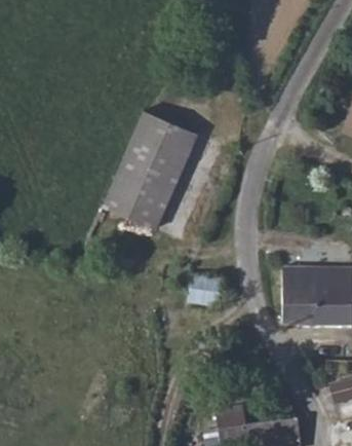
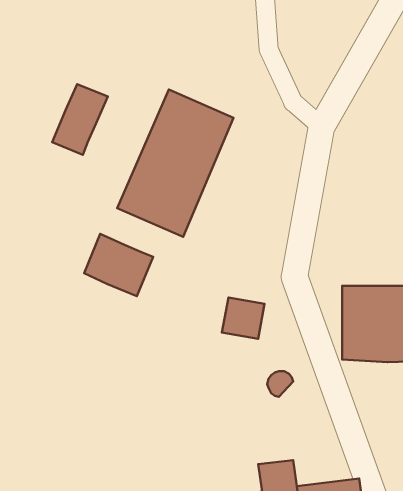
building: none -> [52,84,108,155]
building: none -> [84,234,153,296]

